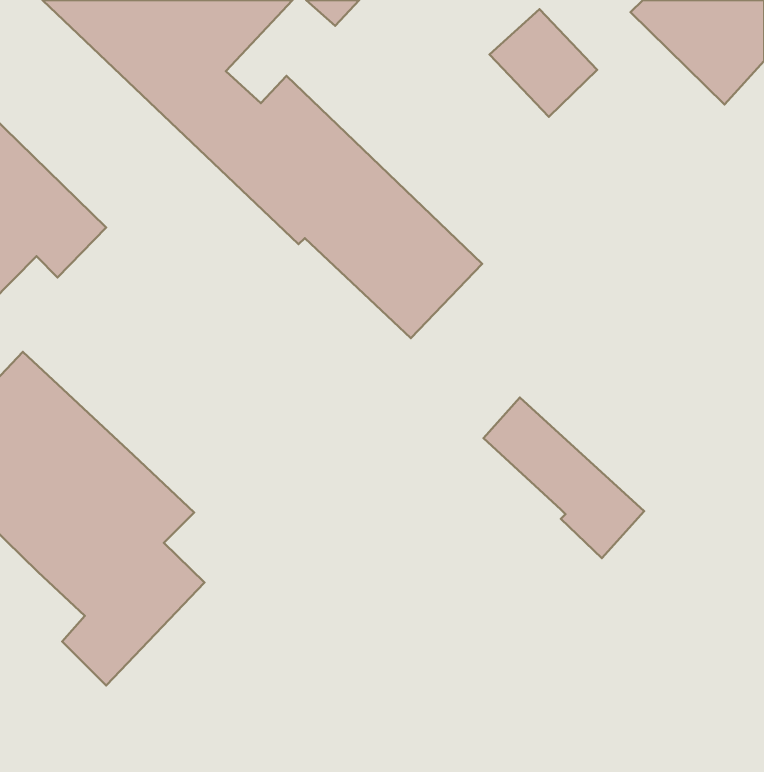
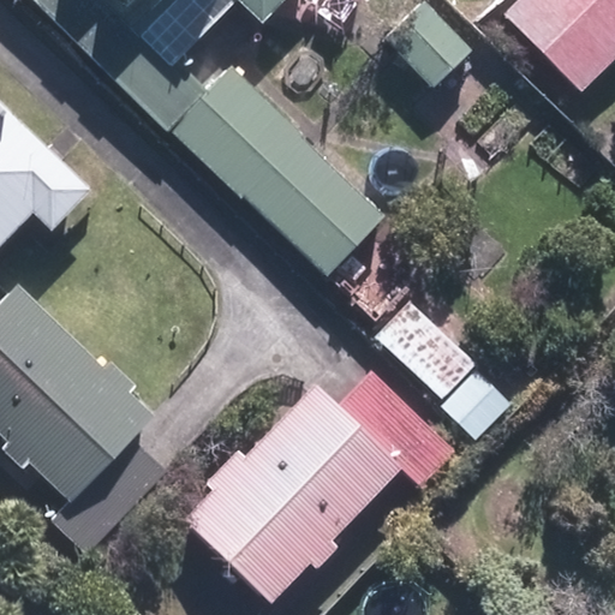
building: none -> [189,371,447,596]

